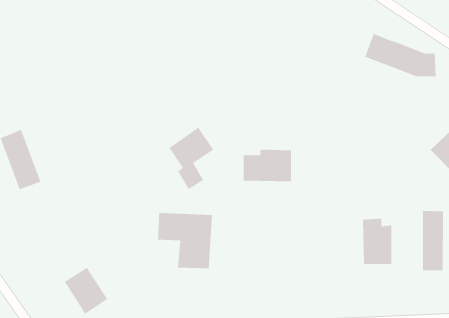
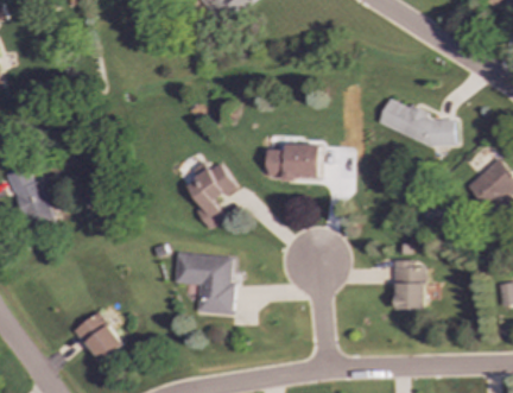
building: [364,33,437,77] -> [378,97,455,145]
building: [243,149,292,182] -> [267,142,319,178]
building: [422,210,444,271] -> none

